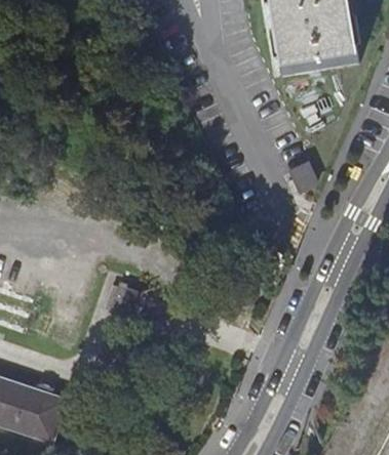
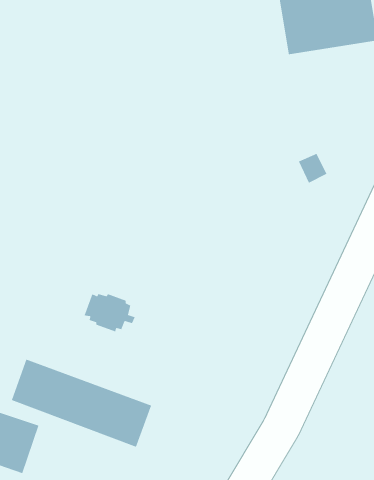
building: none -> [11,358,152,448]

